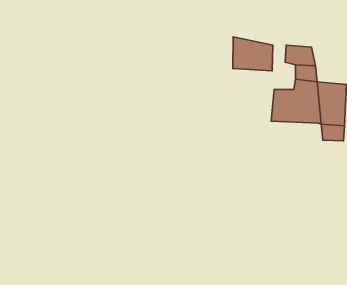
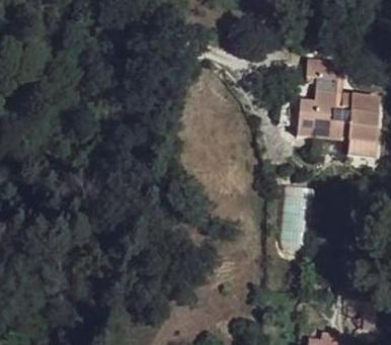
building: [233,37,273,71] -> none

